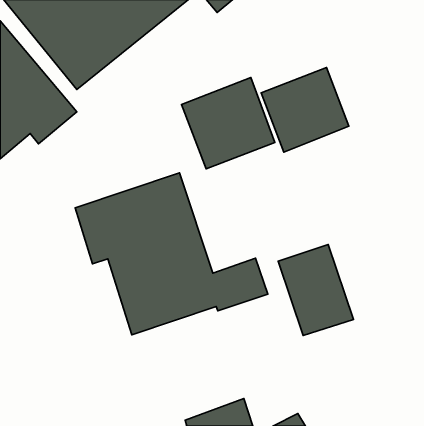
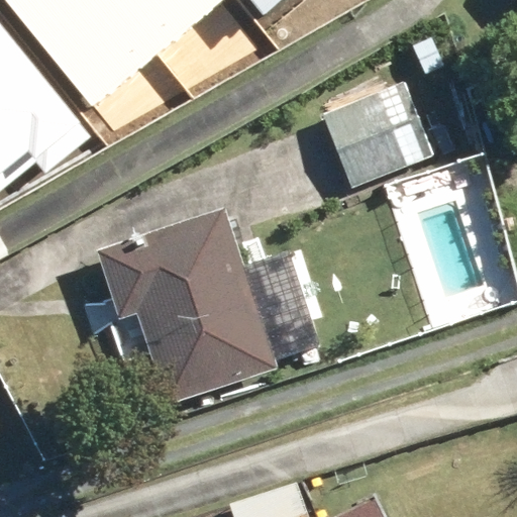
building: [181,77,275,169] -> none
building: [278,245,353,335] -> none

